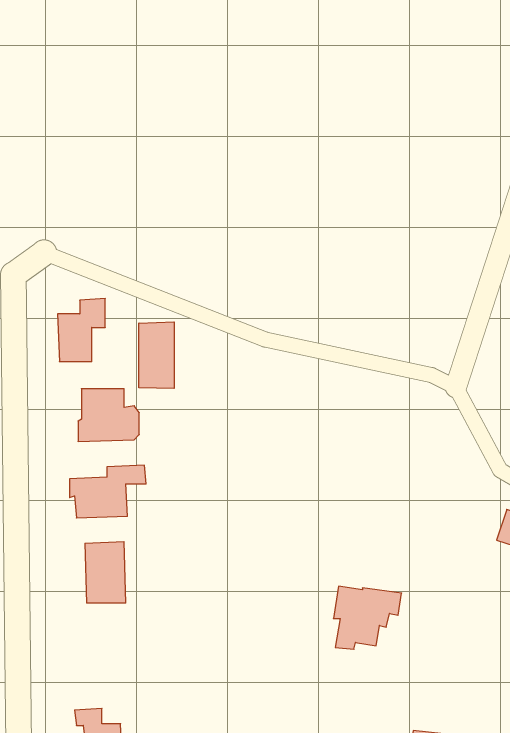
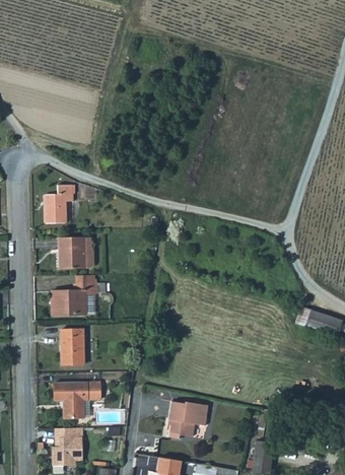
building: [139,322,174,388] -> none
building: [333,586,402,649] -> [167,401,208,438]
building: none -> [54,382,101,418]

